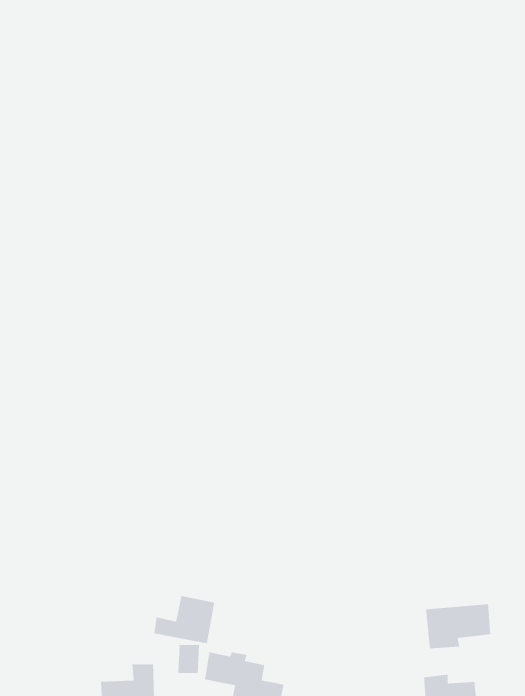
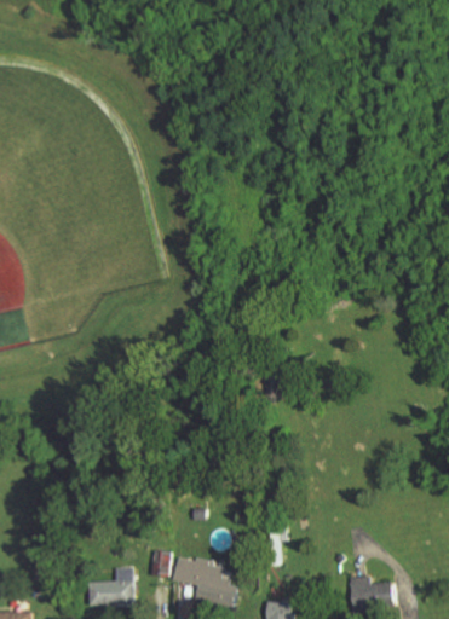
building: [154,595,215,644] -> none
building: [425,603,491,649] -> none

